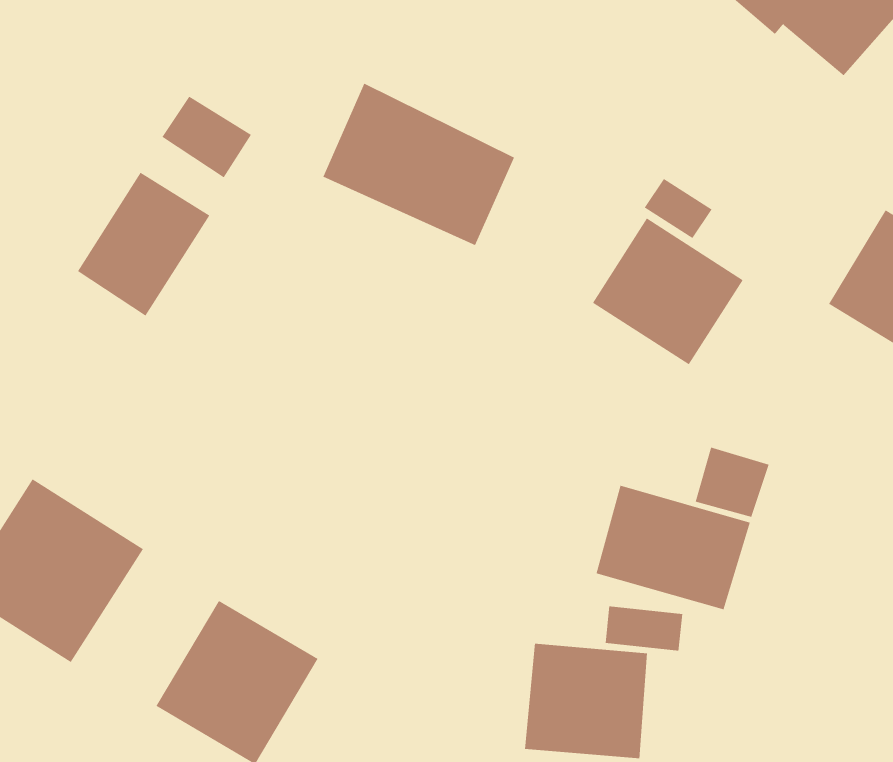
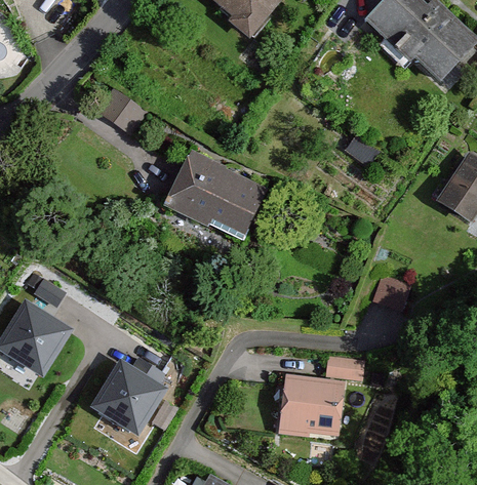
building: [323,83,515,246] -> [167,151,268,236]
building: [77,172,210,317] -> none
building: [592,218,743,365] -> none
building: [596,485,751,610] -> none

